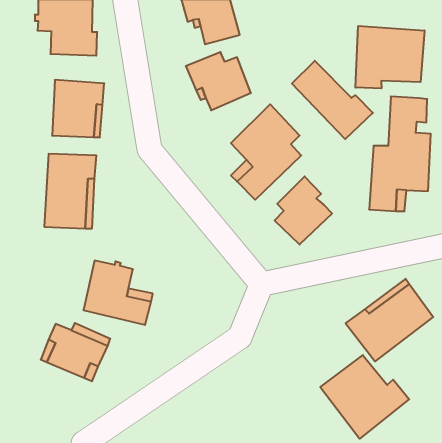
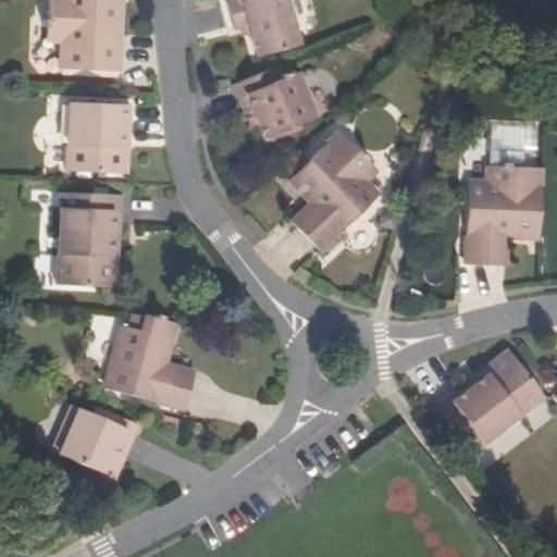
building: [355,26,424,88] -> none
building: [292,61,373,139] -> none
building: [275,176,332,245] -> none
building: [320,355,409,439] -> none

